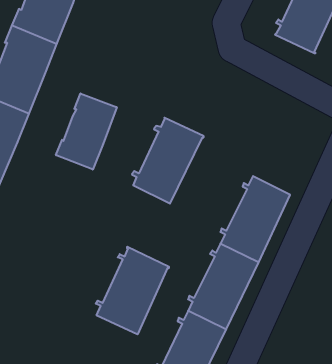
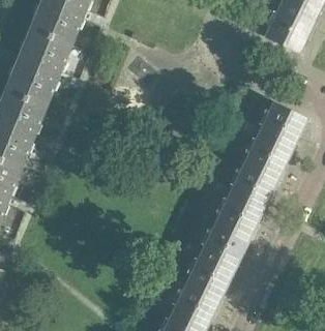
building: [56,93,117,170] -> none
building: [132,118,204,204] -> [244,101,308,178]
building: [96,247,169,334] -> none

